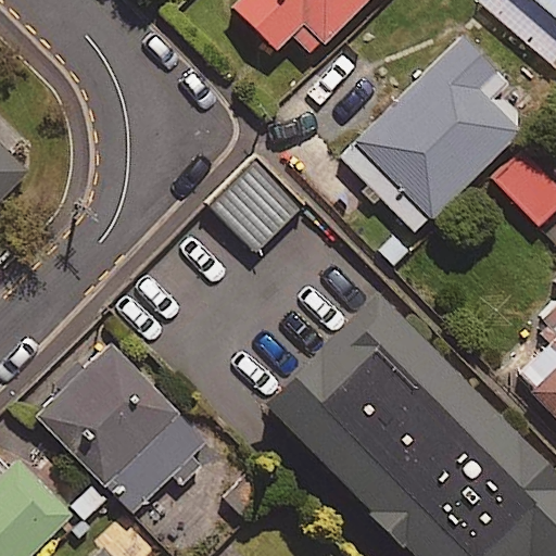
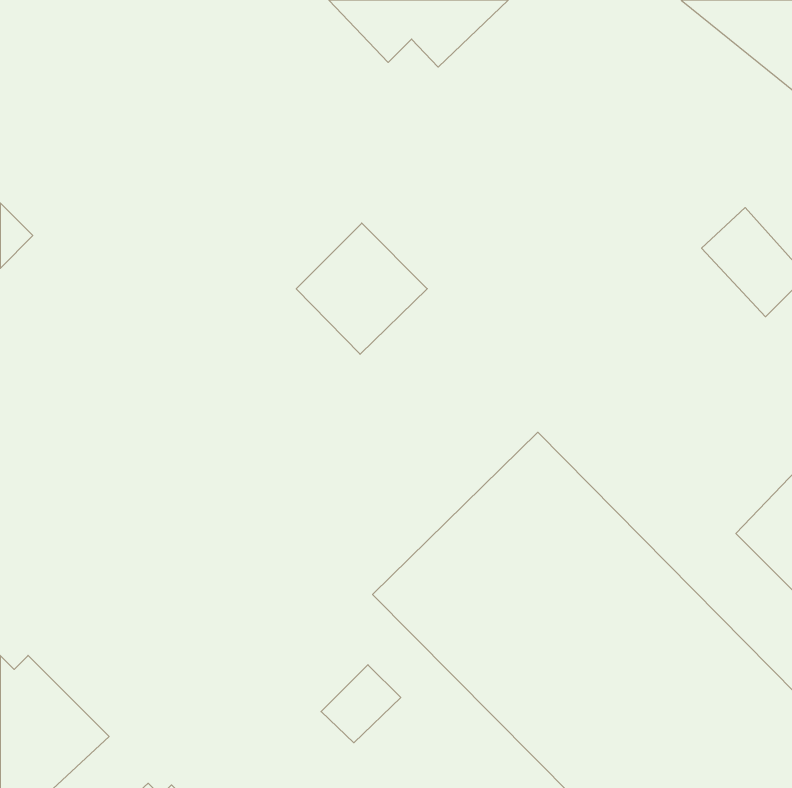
building: [338,34,521,232] -> none
building: [41,345,214,519] -> none

